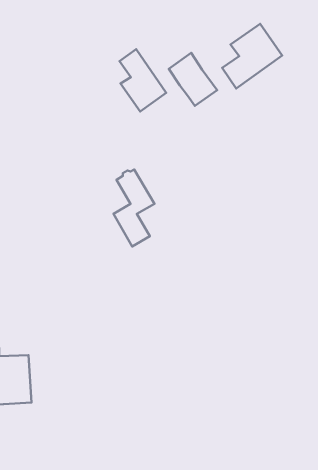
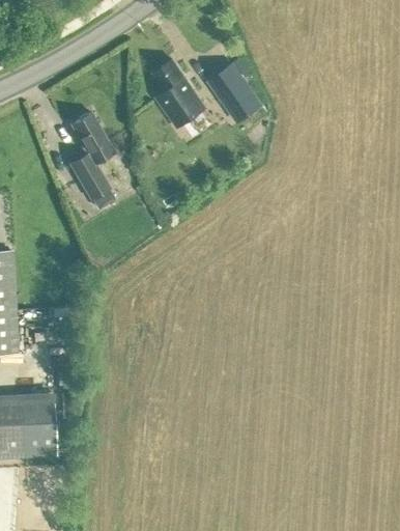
building: [222,24,282,88] -> none
building: [114,169,154,246] -> [68,113,114,199]

